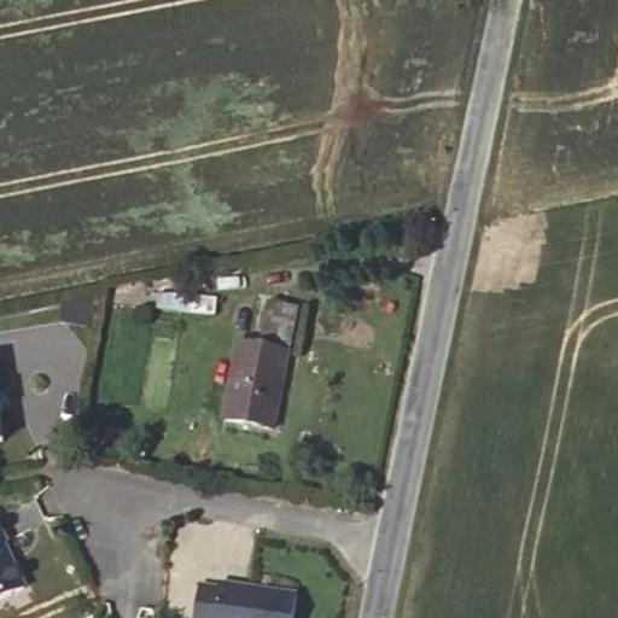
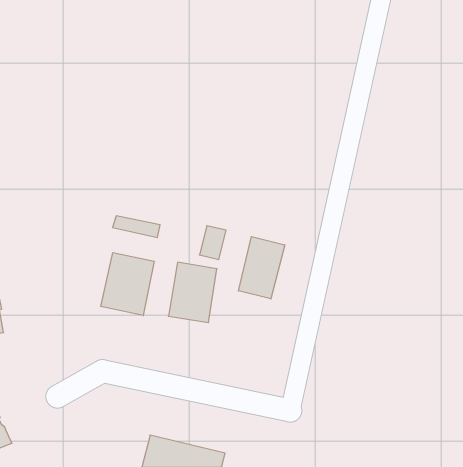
building: none -> [238,237,285,299]
building: none -> [101,253,154,316]

